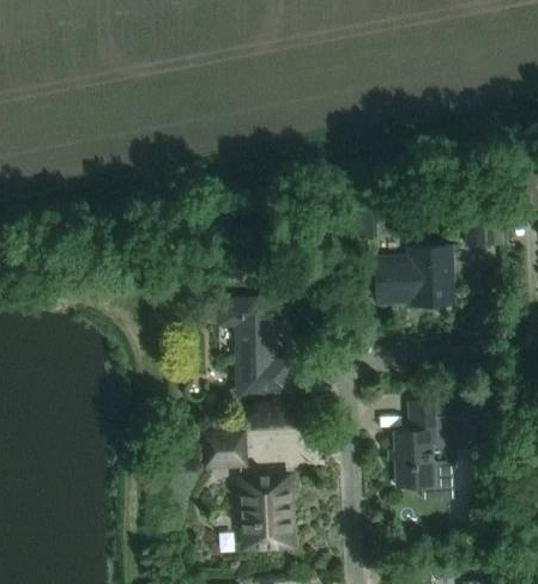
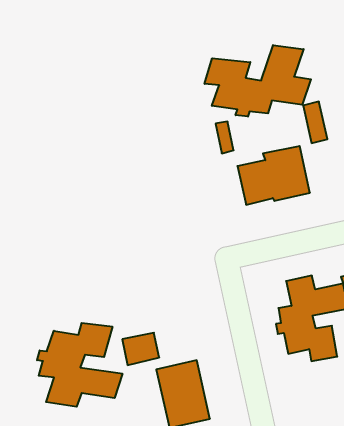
building: none -> [205,45,311,117]
building: [206,299,291,399] -> none
building: none -> [37,323,122,407]

